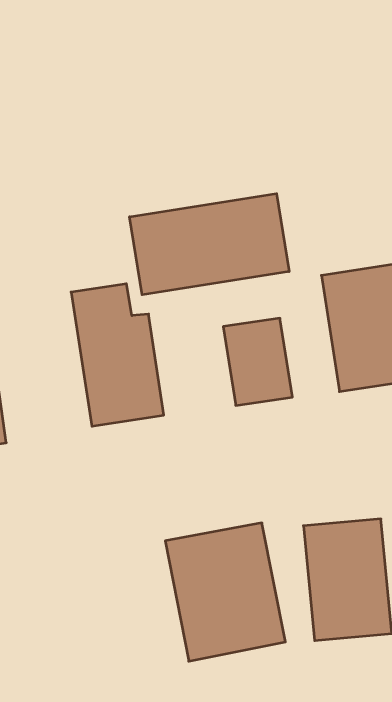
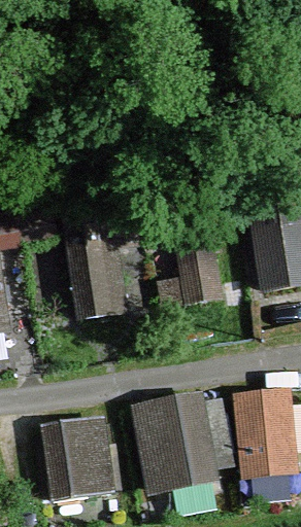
building: [130,194,289,295] -> none
building: none -> [42,417,116,500]

